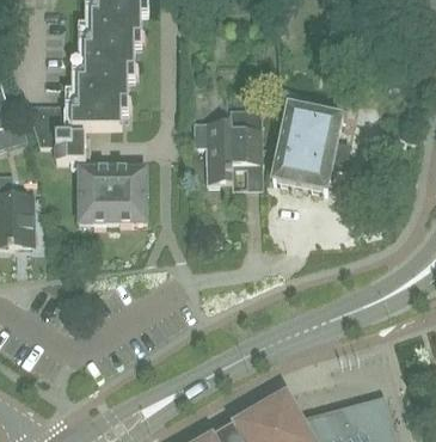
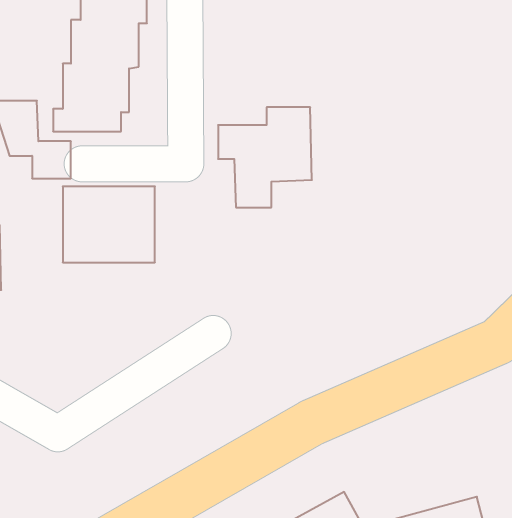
building: [271,104,349,191] -> none

